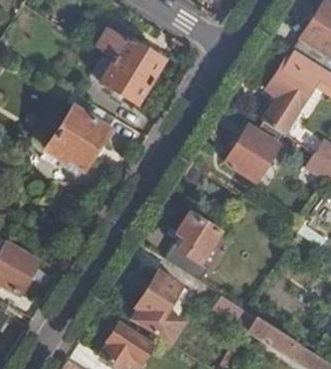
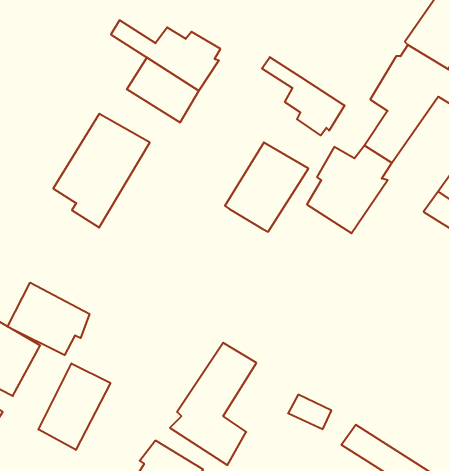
building: none -> [262,57,345,135]
building: [163,212,221,274] -> [225,142,308,232]
building: none -> [8,283,89,355]
building: none -> [38,363,110,450]

